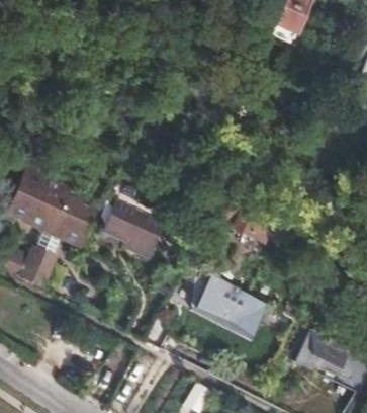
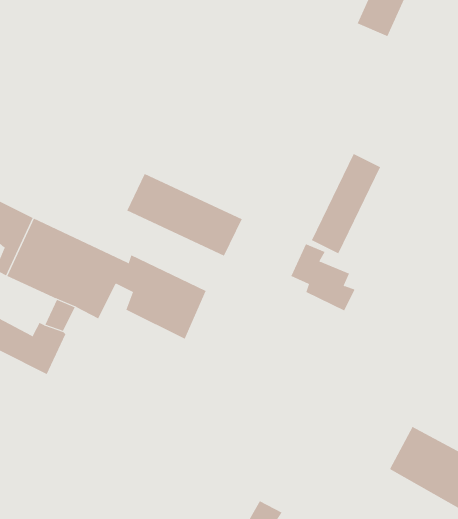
building: none -> [311,153,381,254]
building: none -> [126,173,242,256]
building: [183,261,269,336] -> none

